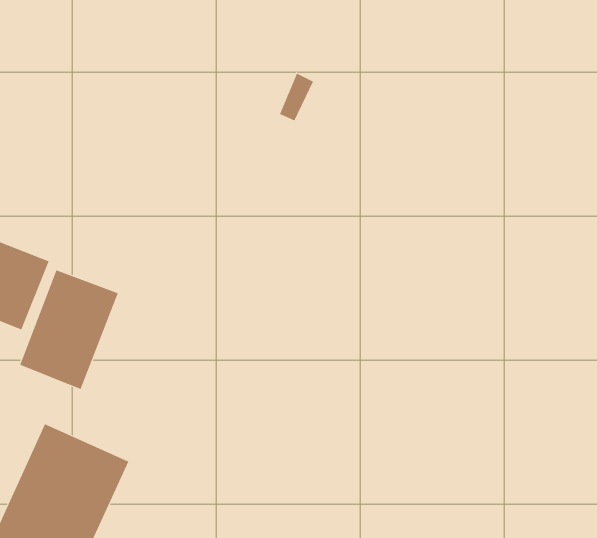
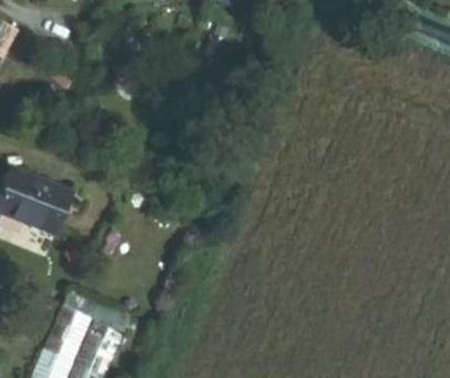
building: [20,269,118,390] -> none

